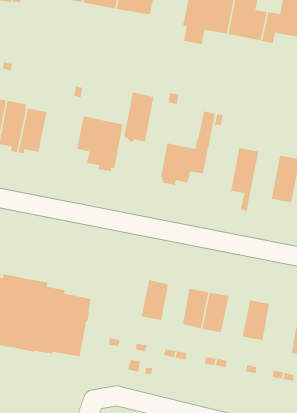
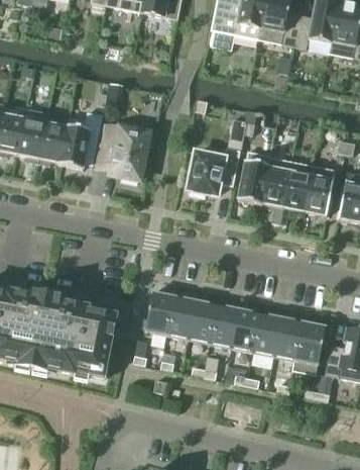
building: [123,92,154,143] -> [238,150,270,203]
building: none -> [61,122,91,168]
building: none -> [279,160,313,224]
building: none -> [145,290,175,334]
building: none -> [190,299,218,342]
building: none -> [252,311,281,355]
building: none -> [293,319,326,373]

